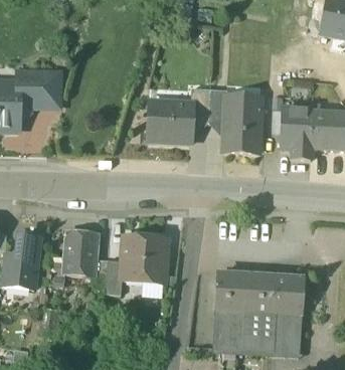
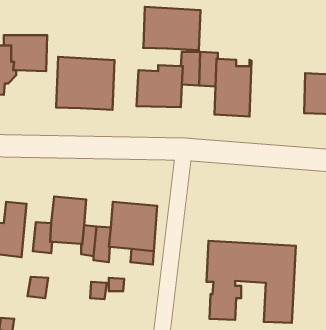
building: none -> [143,7,200,50]
building: none -> [56,57,114,110]
building: [281,108,312,159] -> none
building: [243,313,274,353] -> none

